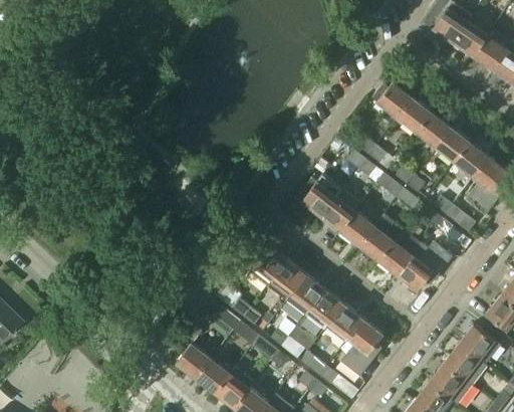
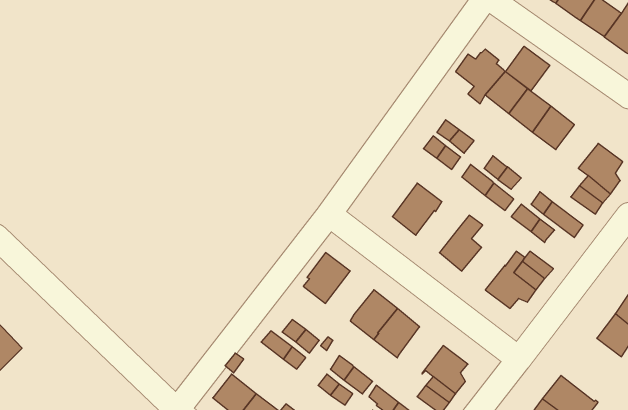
building: none -> [506,46,550,91]
building: [454,141,488,176] -> none
building: [301,173,341,215] -> none
building: [340,210,374,244] -> none
building: [377,235,422,274] -> none
building: [267,259,306,294] -> none
building: [326,304,362,342] -> none
building: [458,324,500,365] -> none

